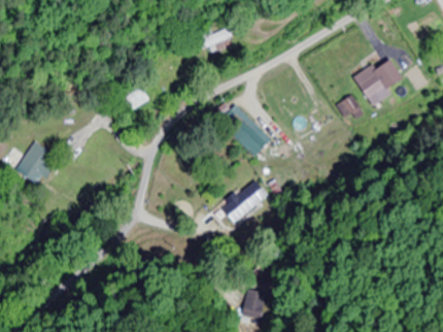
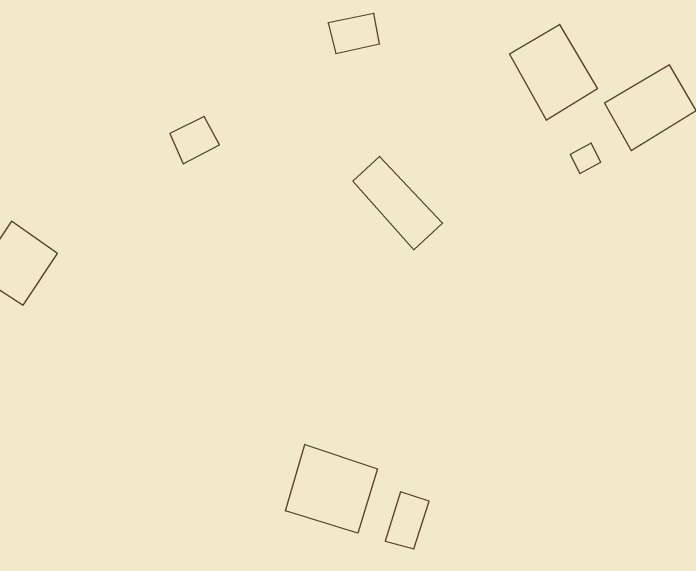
building: none -> [510,24,597,120]
building: [220,186,262,223] -> none
building: none -> [286,444,377,533]

